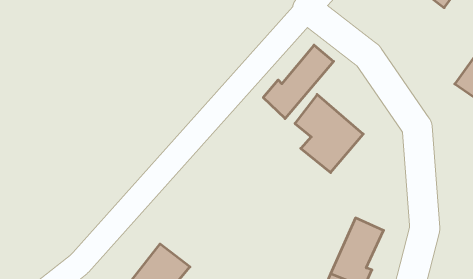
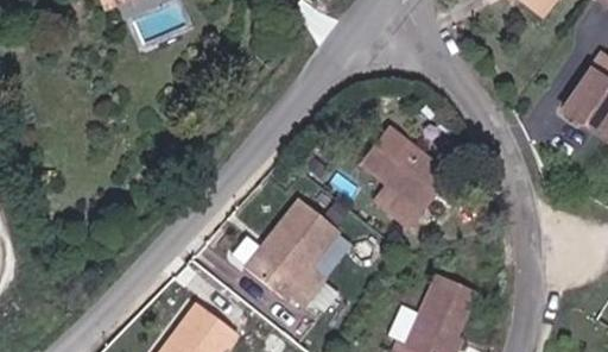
building: [263,45,334,119] -> none
building: none -> [253,200,344,304]

